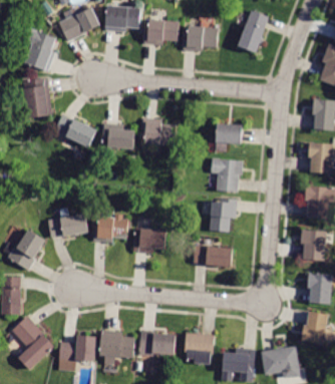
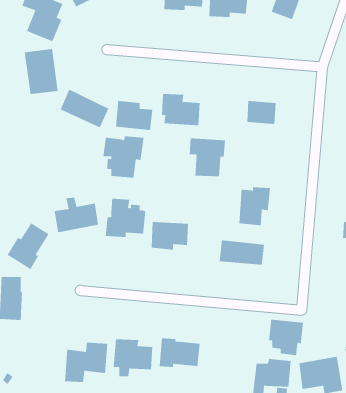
building: none -> [103,136,144,179]
building: [211,158,243,193] -> [189,138,226,177]
building: [11,316,55,370] -> none
building: [184,333,215,365] -> [268,319,304,356]

